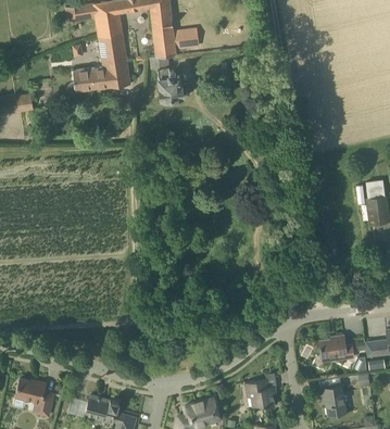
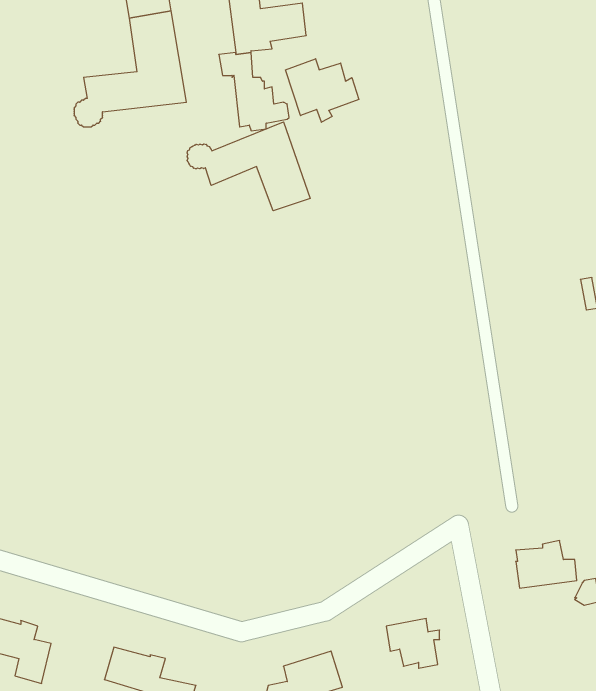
building: none -> [285,59,359,122]
building: none -> [187,122,310,211]
building: [320,386,353,415] -> none

